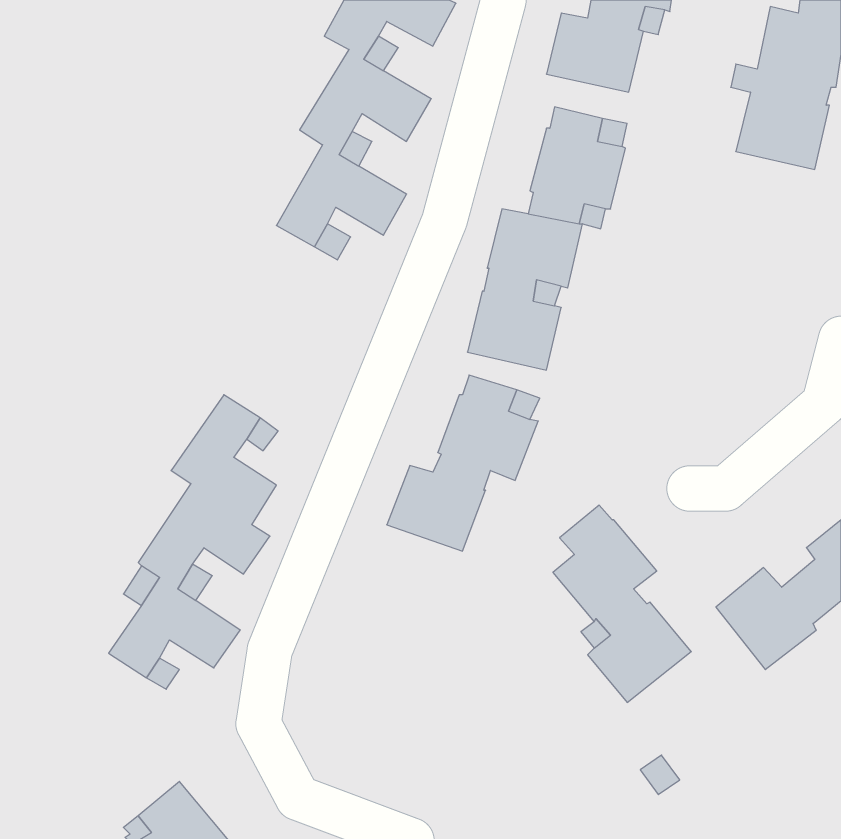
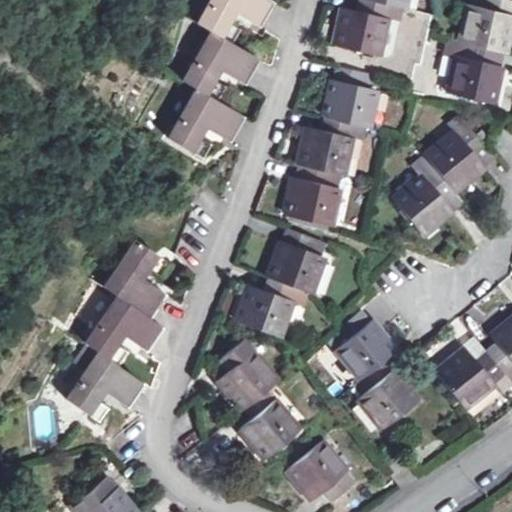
building: none -> [394,124,497,236]
building: none -> [216,338,301,459]
building: none -> [284,442,352,502]

